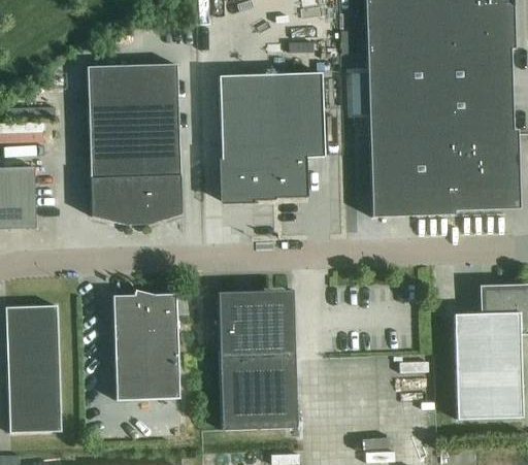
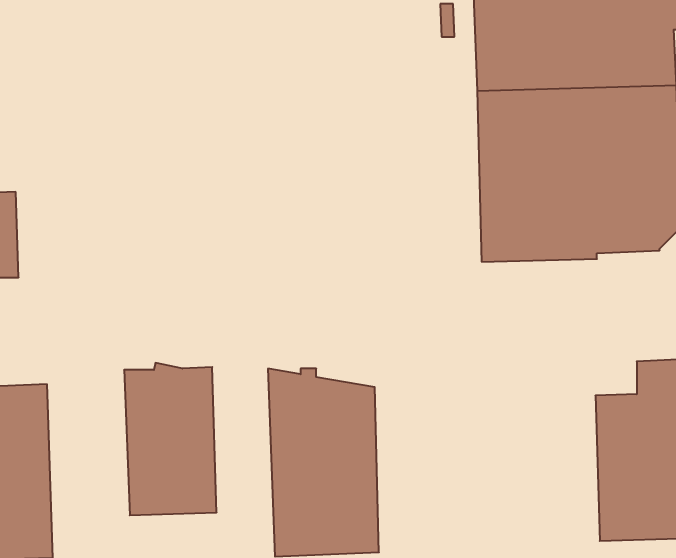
building: [87,64,182,225] -> none
building: [219,72,325,201] -> none

